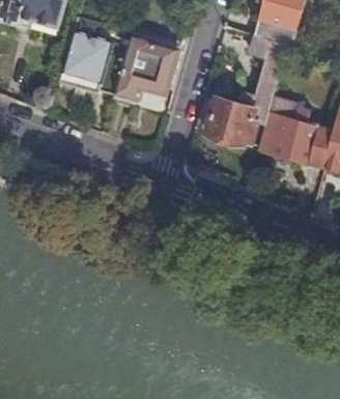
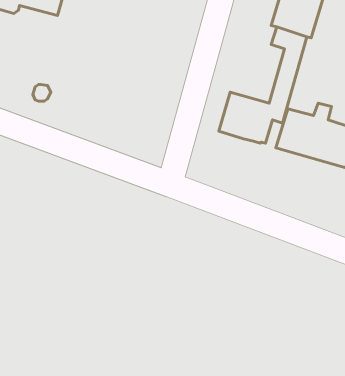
building: [112,32,178,101] -> none
building: [59,44,106,91] -> none

